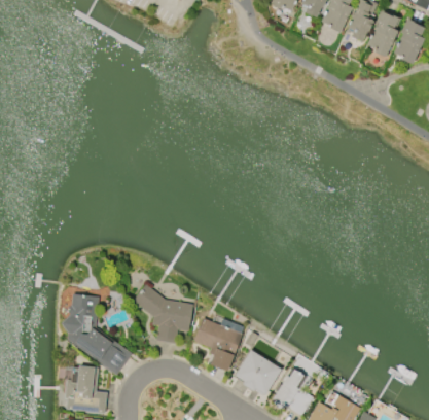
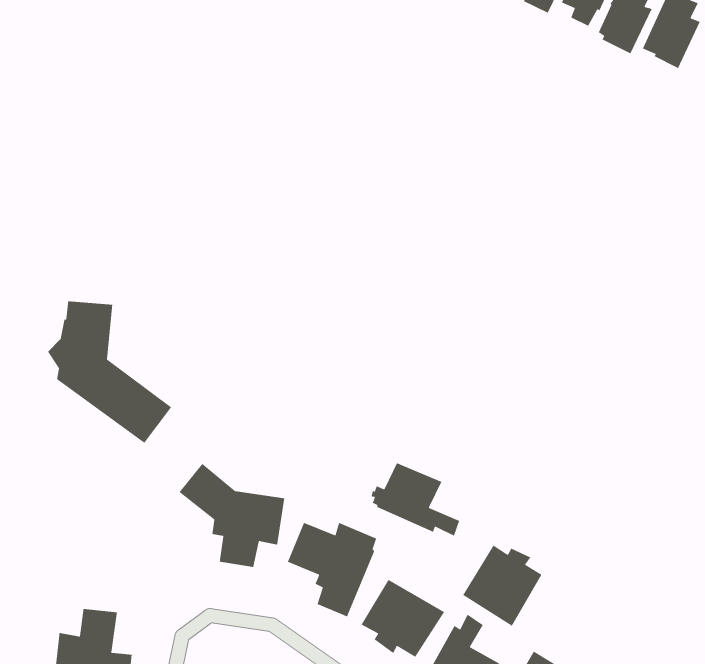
building: none -> [371,462,460,537]
building: [62,294,132,375] -> [47,300,172,444]
building: none -> [462,544,543,627]

